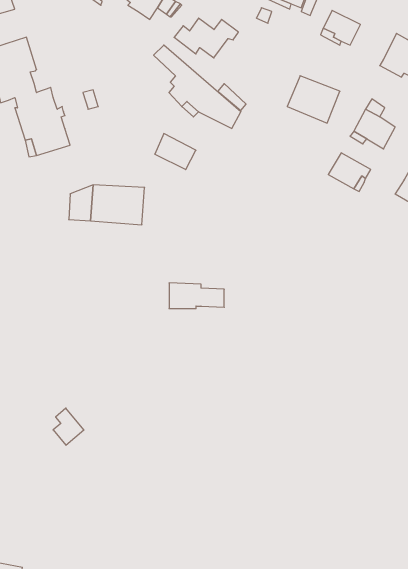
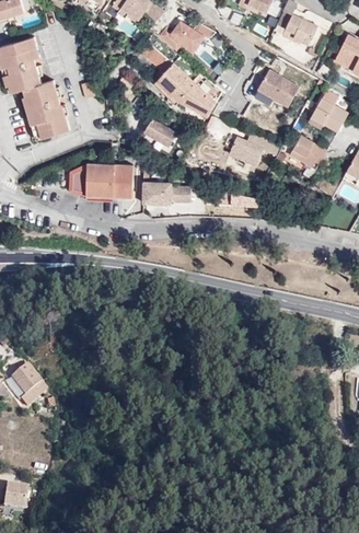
building: none -> [228,135,265,166]
building: [169,283,224,309] -> [143,182,190,204]
building: [53,408,84,445] -> [15,362,42,394]

